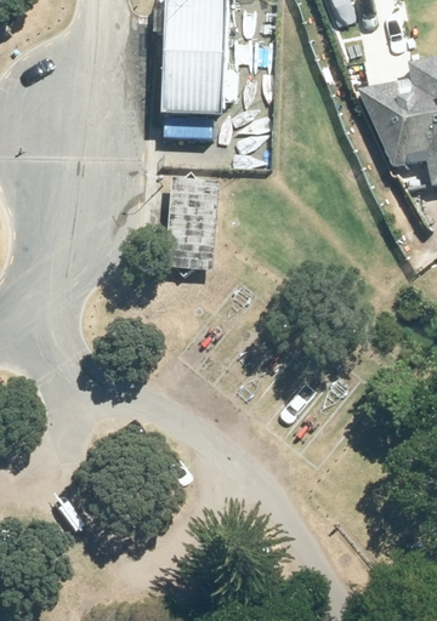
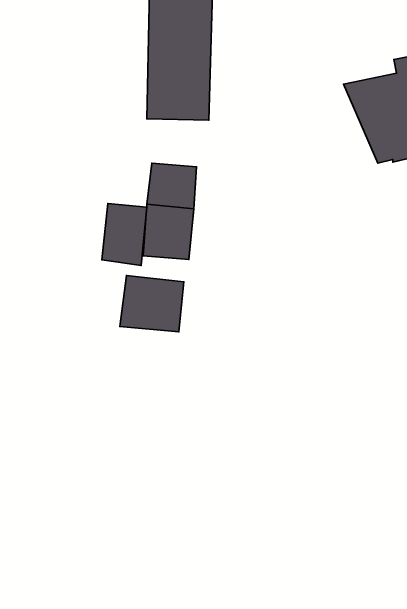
building: none -> [102,203,147,265]
building: none -> [120,275,184,332]

